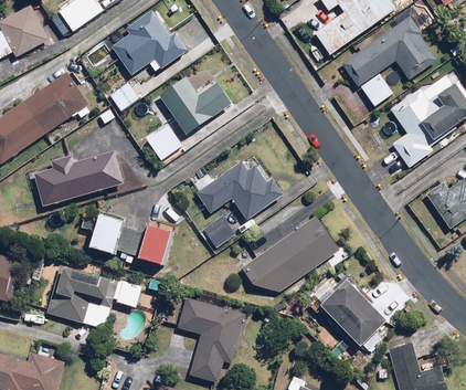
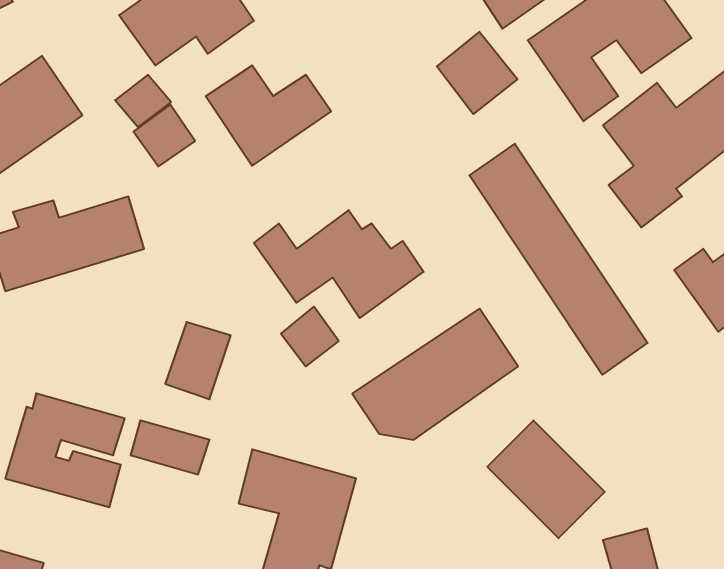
building: none -> [437,32,517,114]
building: none -> [469,144,648,375]
building: [146,125,181,160] -> [133,105,195,166]
building: [89,212,124,255] -> none

